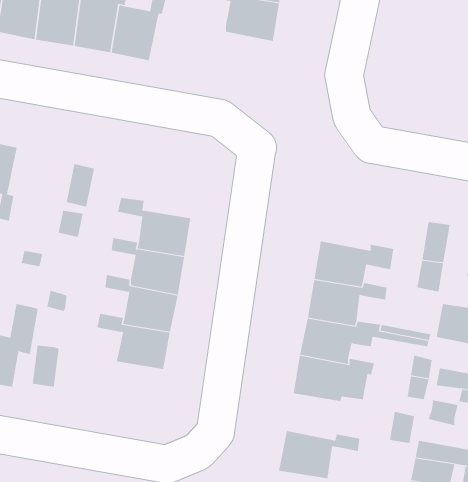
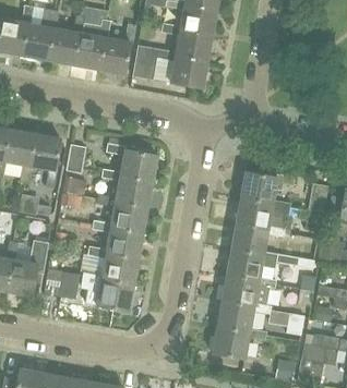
building: none -> [133,45,208,88]
building: none -> [28,134,61,189]
building: none -> [107,144,157,182]
building: none -> [240,171,296,204]
building: none -> [84,272,134,311]
building: none -> [217,301,272,332]

